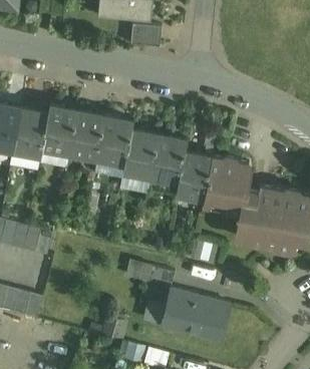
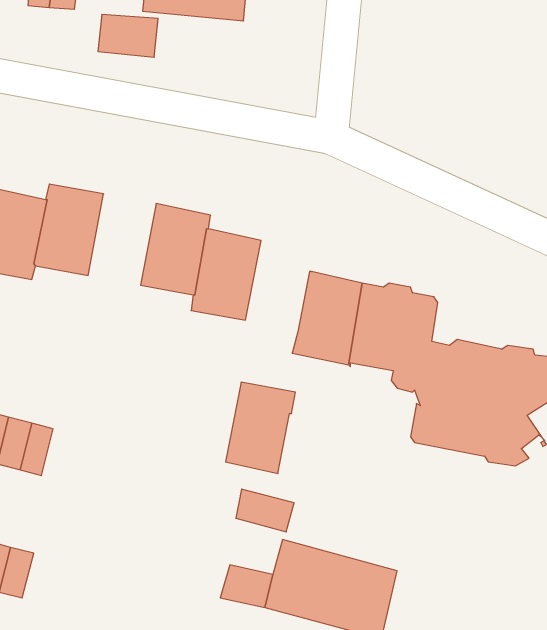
building: [130,25,162,47] -> [98,15,158,57]
building: [70,111,105,158] -> none
building: [151,135,188,182] -> [226,382,295,474]

